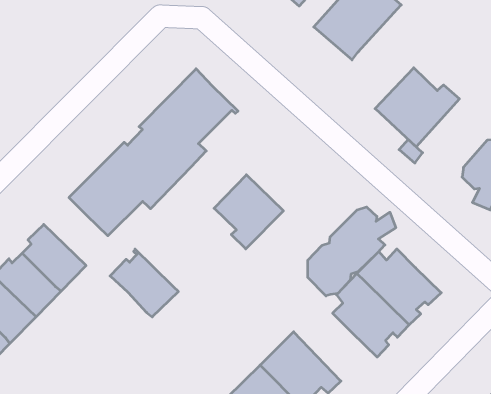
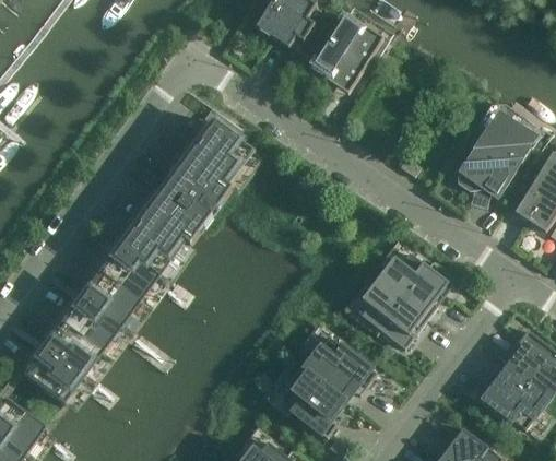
building: [375,68,459,147] -> none
building: [214,175,283,249] -> none
building: [308,207,396,296] -> none
building: [110,249,178,317] -> [98,245,159,302]

